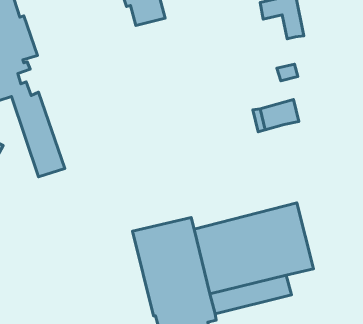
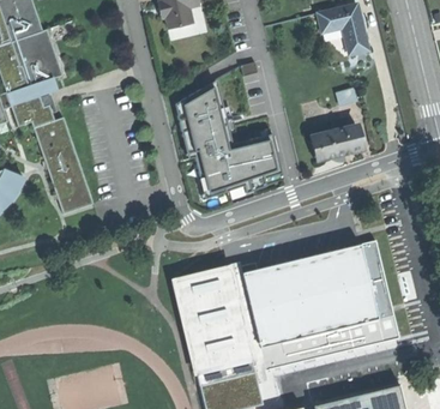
building: none -> [176,84,287,198]
building: none -> [348,240,399,349]

